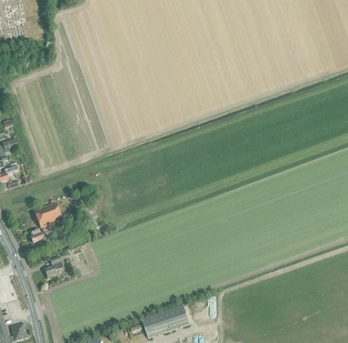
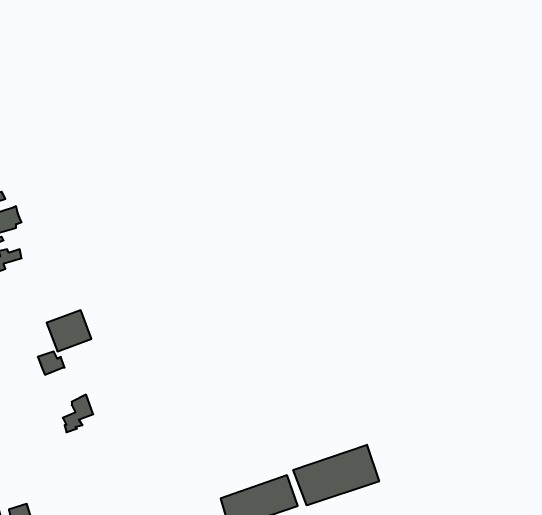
building: none -> [293,445,379,505]

